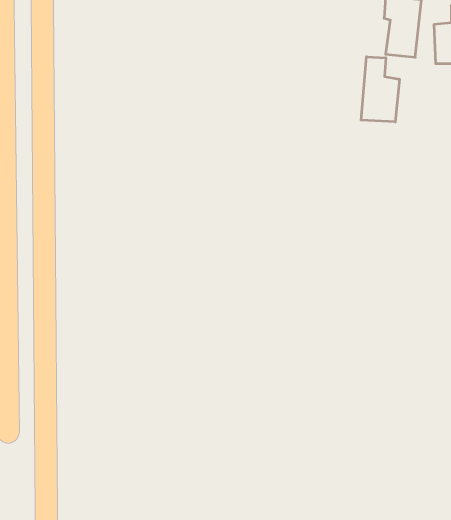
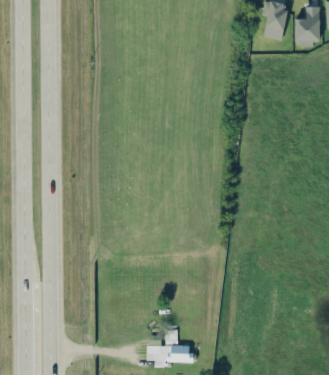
building: [361,57,399,122] -> none

